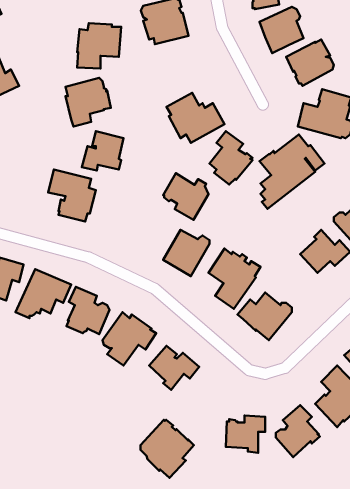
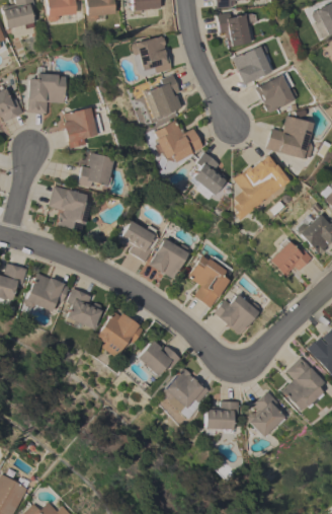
building: [77,23,121,69] -> [27,73,66,113]
building: none -> [145,74,180,119]
building: [163,173,208,220] -> [119,220,159,261]
building: [141,420,194,478] -> [162,368,209,419]

